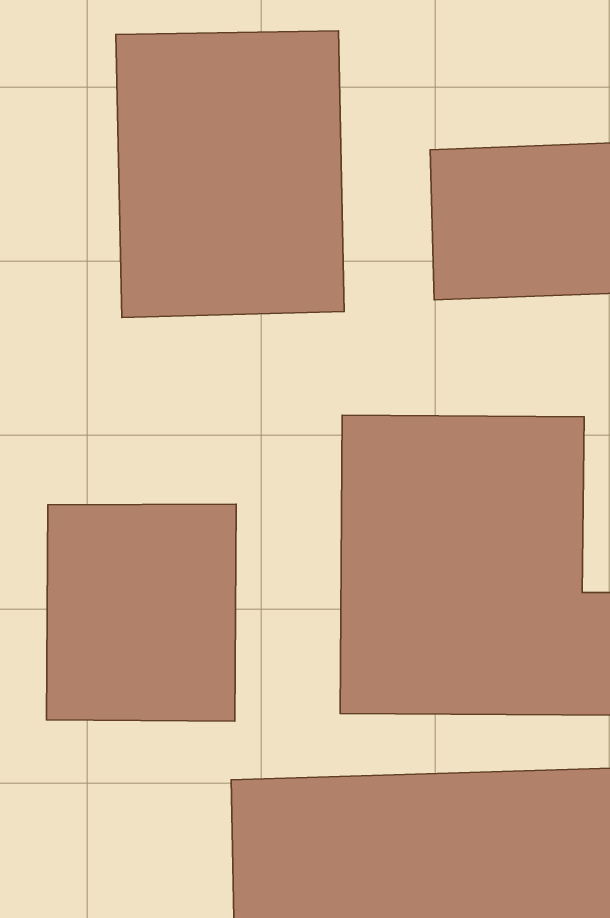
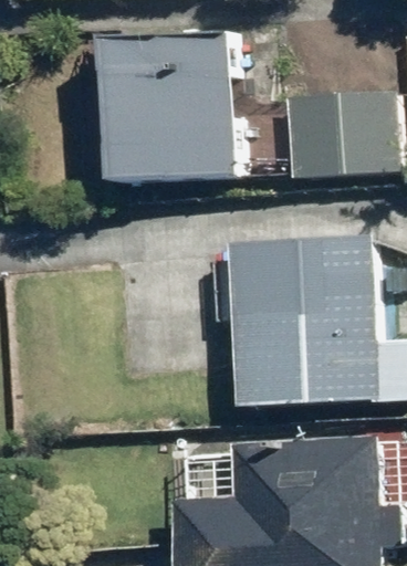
building: [46,504,236,721] -> none

